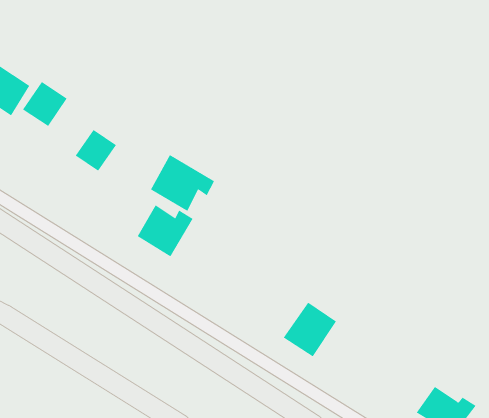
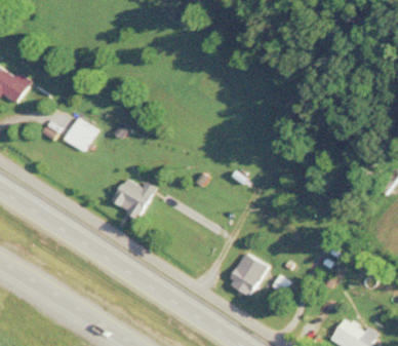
building: [22,81,67,127] -> none
building: [150,154,215,212] -> none

